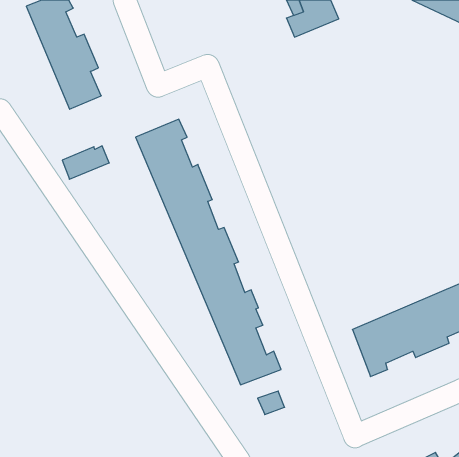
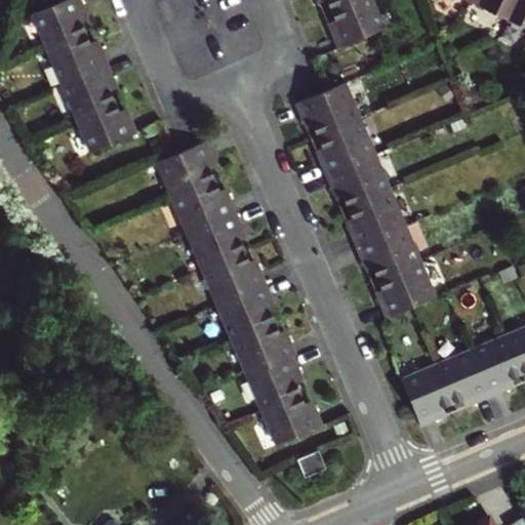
building: none -> [296,83,435,318]
building: [62,146,109,179] -> [82,113,135,151]

